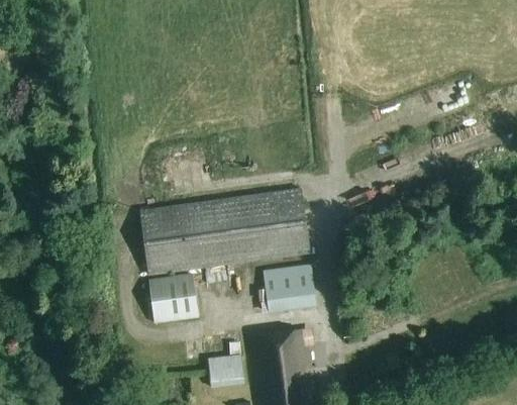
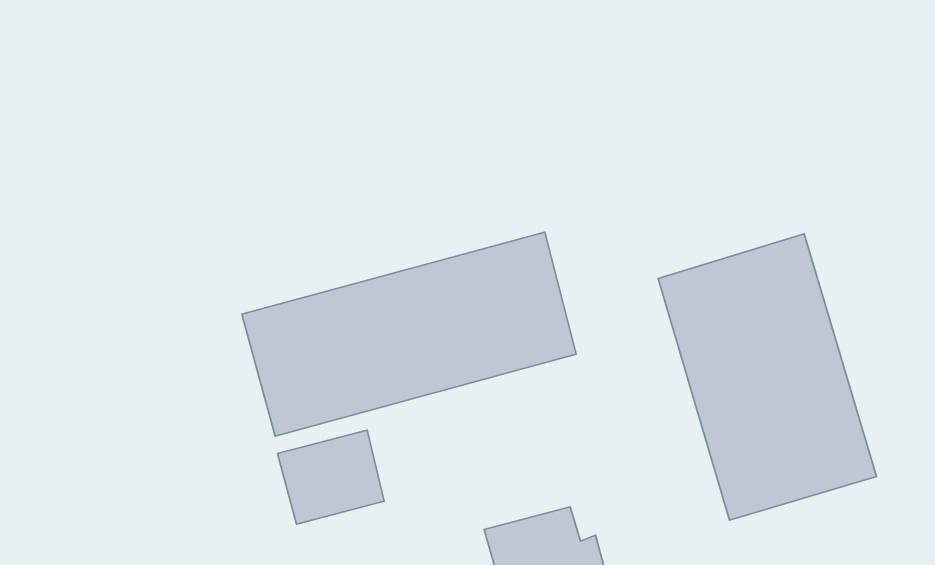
building: none -> [658,234,876,520]
building: [262,264,317,312] -> none

